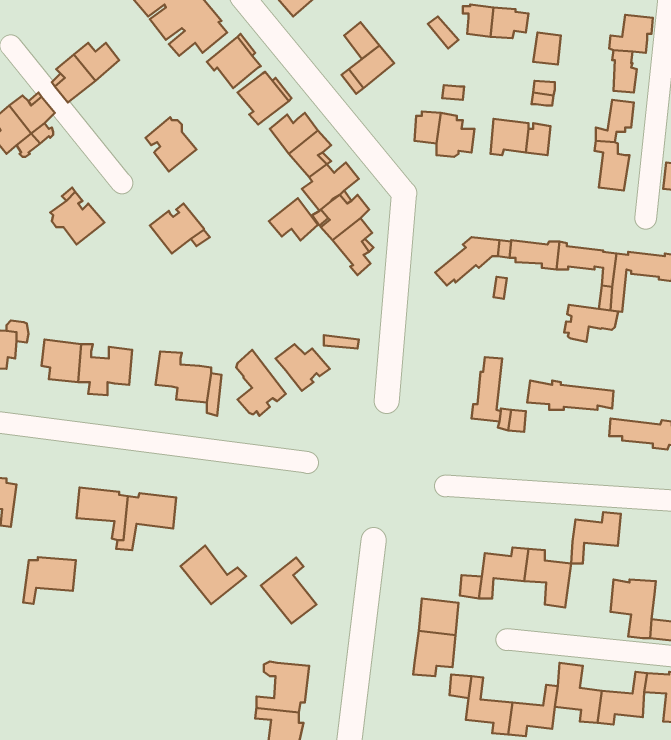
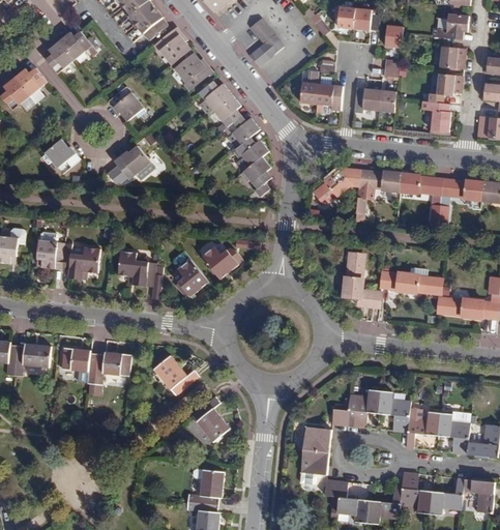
building: [269,198,318,240] -> none
building: [564,305,618,342] -> none
building: [571,512,621,563] -> [405,411,440,447]
building: [180,546,246,604] -> [153,354,200,395]
building: [23,557,76,604] -> [13,343,51,376]

